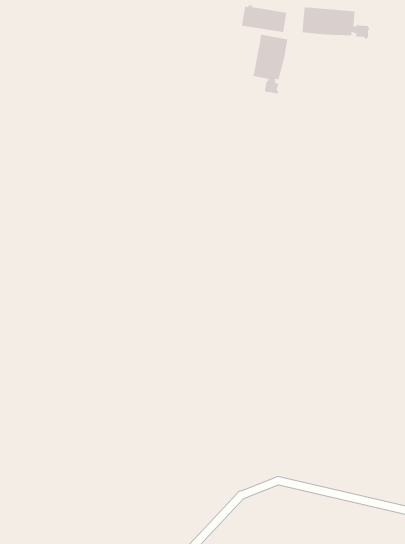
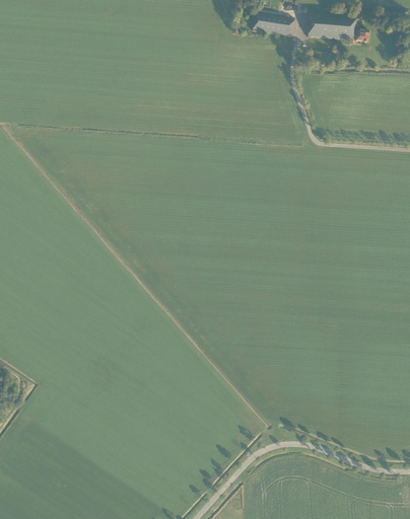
building: [253,34,288,94] -> none

